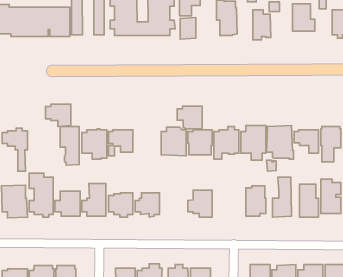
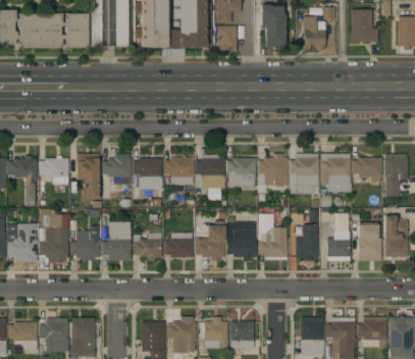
building: [46,104,71,127] -> [39,158,68,185]
building: [177,106,202,129] -> [164,158,194,185]
building: none -> [258,214,288,260]
building: none -> [196,220,225,261]

